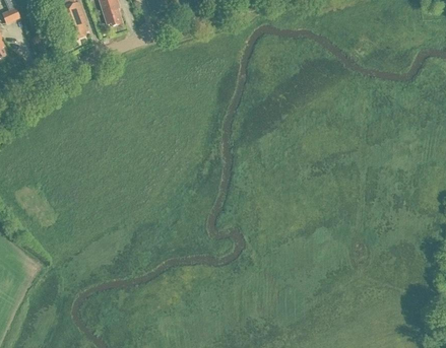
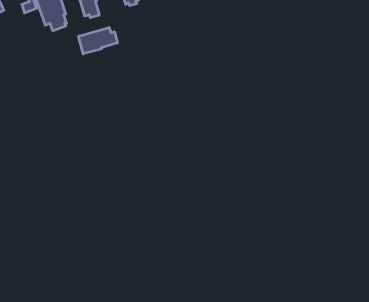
building: none -> [79,27,117,54]

